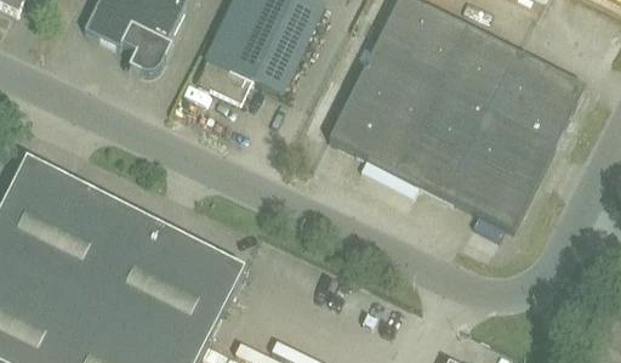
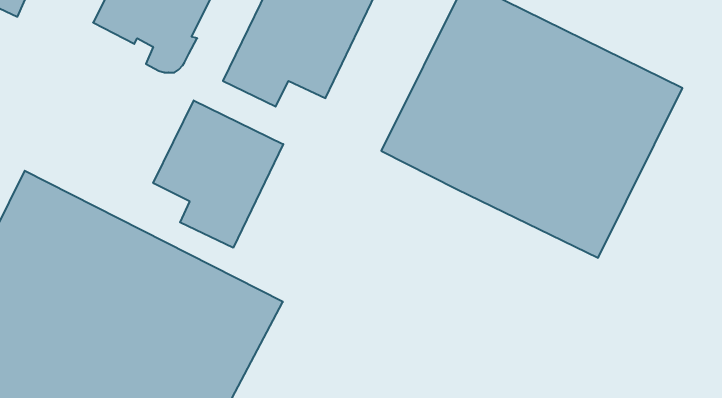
building: none -> [153,100,283,248]

